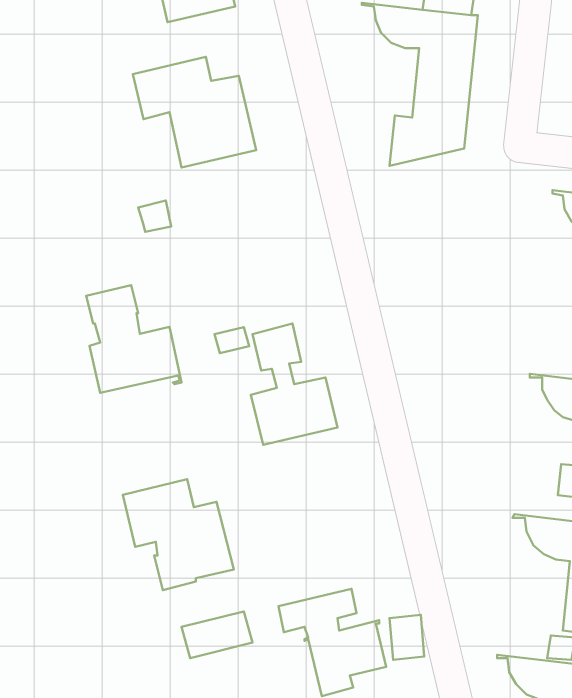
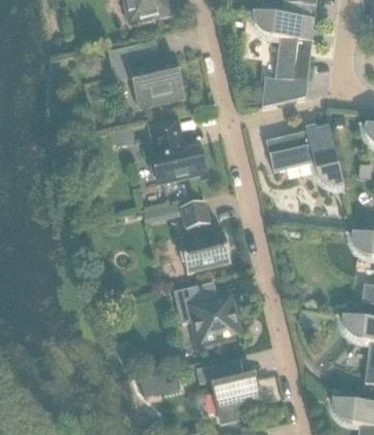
building: none -> [266,124,345,191]
building: [86,285,182,393] -> [150,118,207,182]
building: [123,479,234,590] -> [175,282,240,348]

